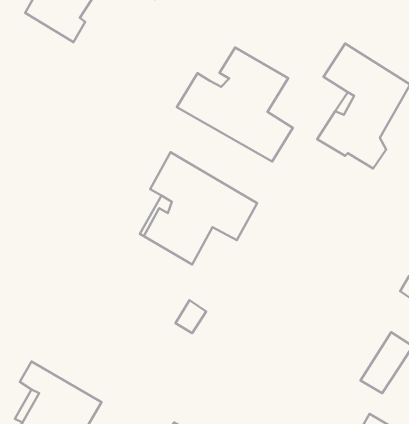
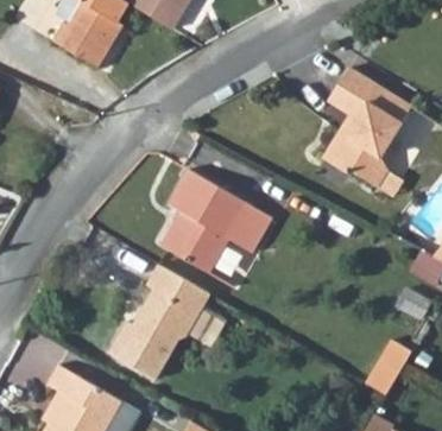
building: [177,47,293,162] -> none
building: none -> [105,264,210,379]

